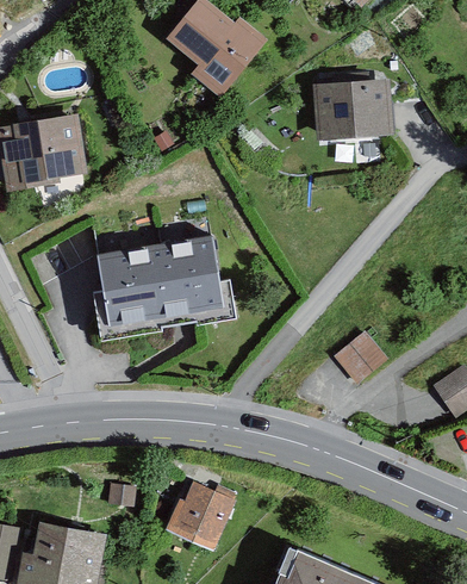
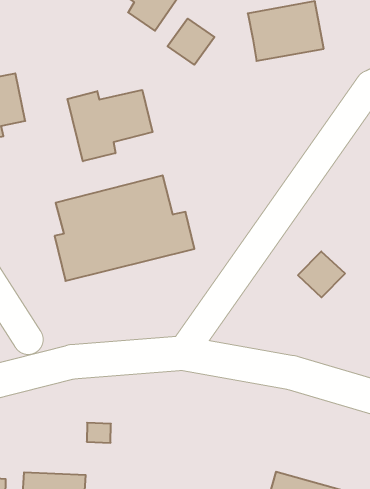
building: none -> [168,19,214,65]
building: none -> [67,90,153,161]
building: [168,484,229,546] -> none

